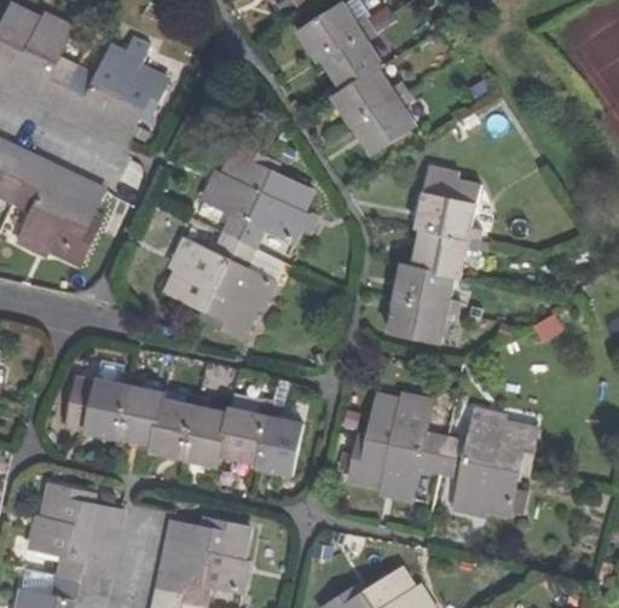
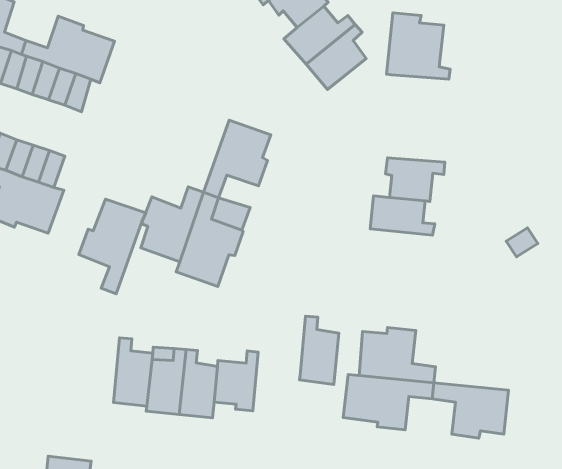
building: [202,144,273,239] -> [79,199,146,294]
building: [417,164,481,237] -> [387,13,450,79]
building: [389,295,458,340] -> none
building: [66,372,134,439] -> none
building: [258,405,302,476] -> [299,316,339,385]
building: [442,411,536,474] -> none

